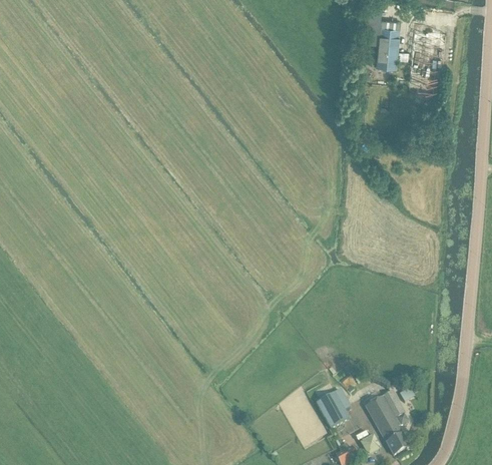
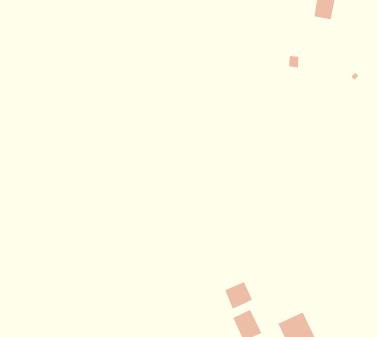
building: none -> [224,281,253,310]

